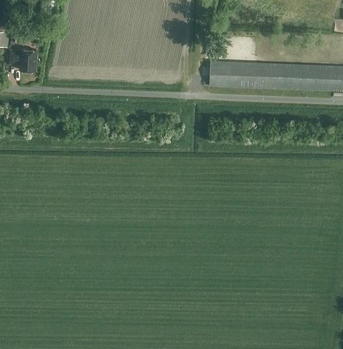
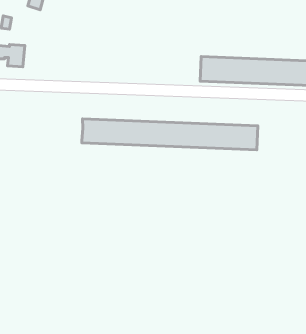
building: none -> [82,119,258,150]

